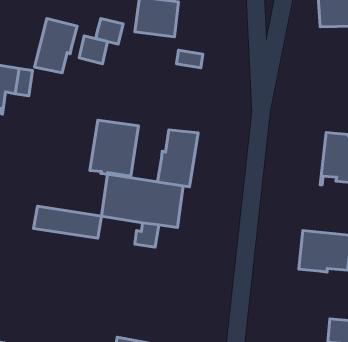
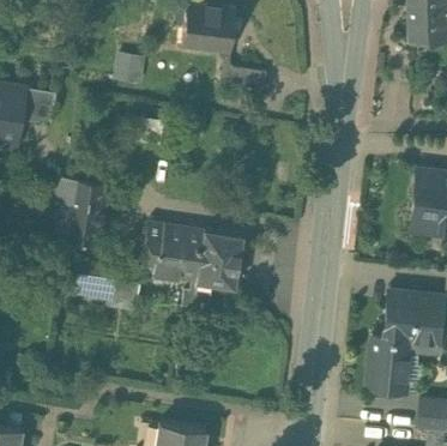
building: [96,18,123,44] -> none
building: [35,18,77,73] -> none
building: [90,120,139,176] -> [49,177,109,247]
building: [158,130,198,187] -> none
building: none -> [368,337,411,392]

